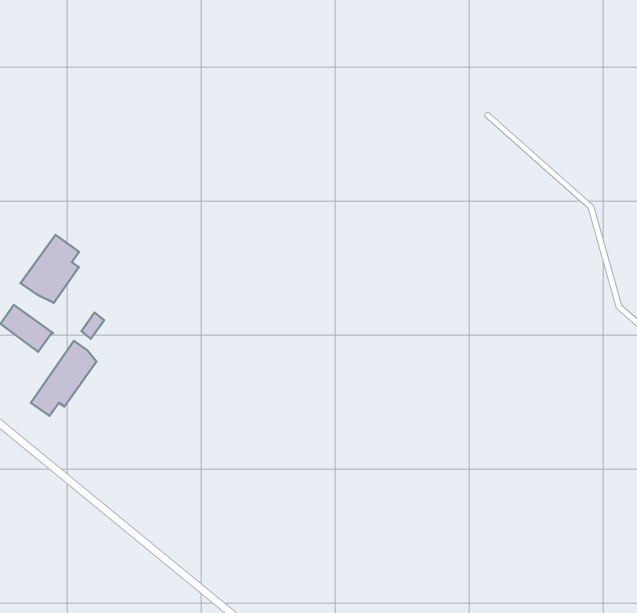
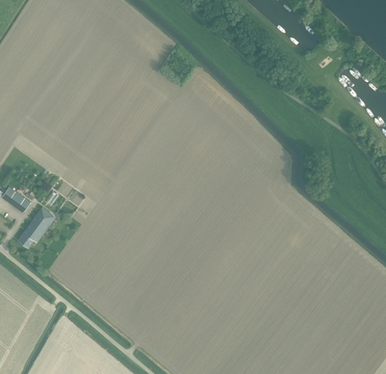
building: [21,235,79,303] -> none

